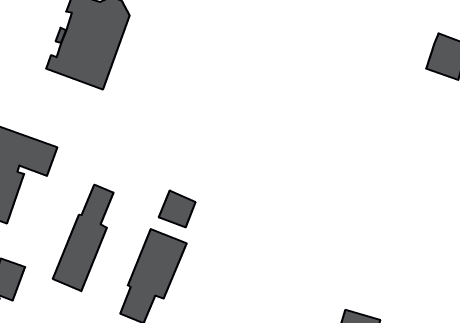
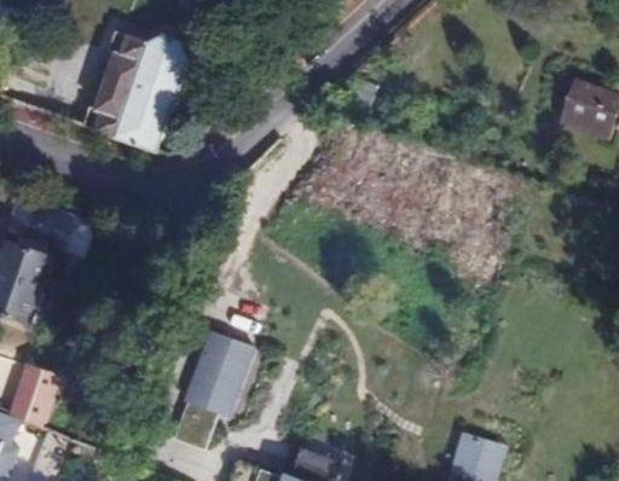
building: [53,185,113,291] -> none
building: [159,190,195,227] -> none

